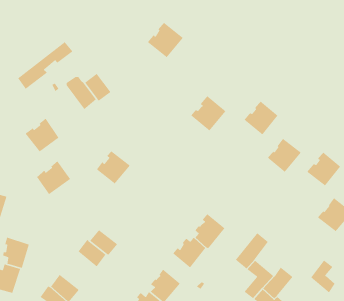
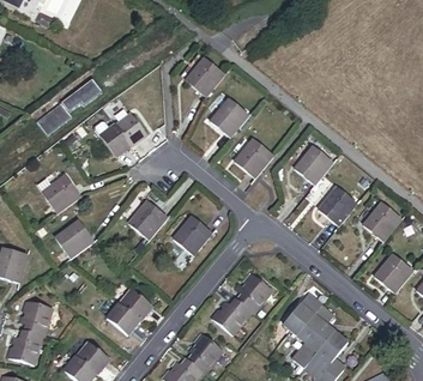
building: none -> [209,98,249,139]
building: none -> [170,213,210,253]
building: [310,259,336,293] -> [306,304,334,343]

